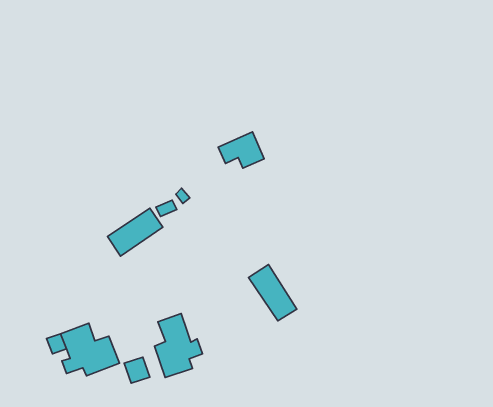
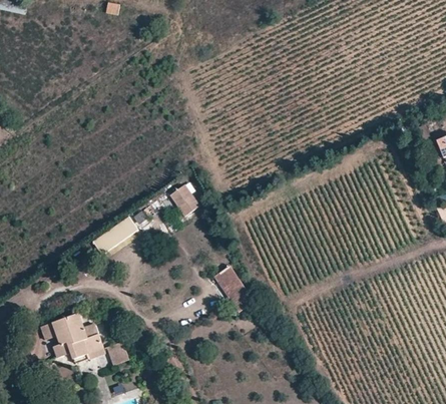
building: [218,132,264,168] -> [161,183,200,215]
building: [154,314,203,377] -> none

